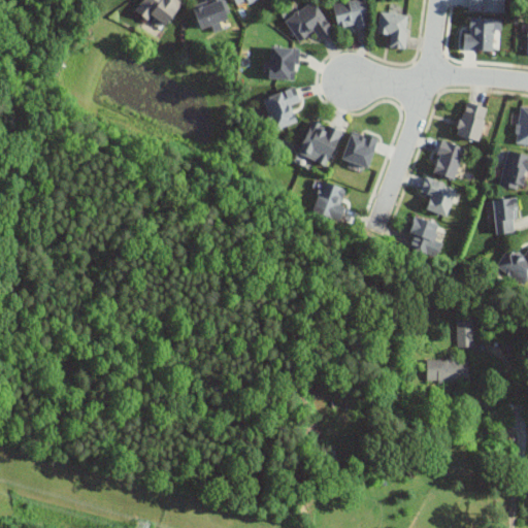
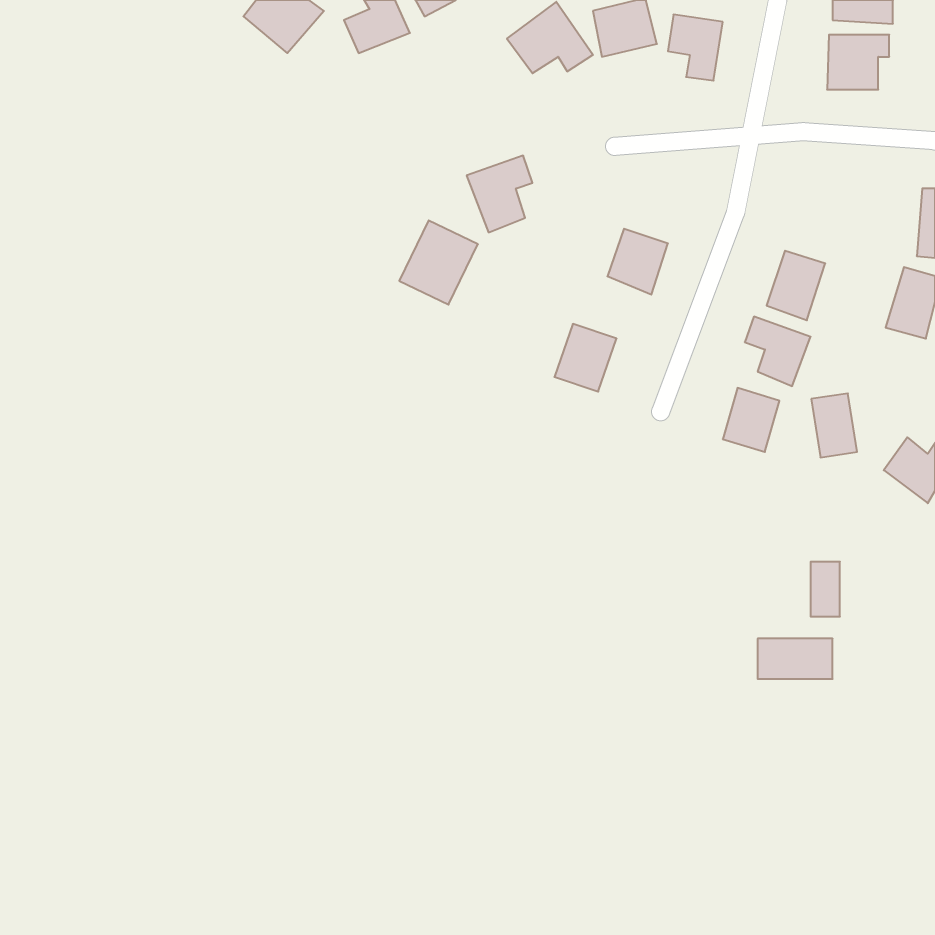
building: [269,47,299,79] -> none
building: [456,102,489,142] -> none
building: [298,120,342,167] -> [399,220,478,305]
building: [492,199,518,235] -> [811,393,857,457]

